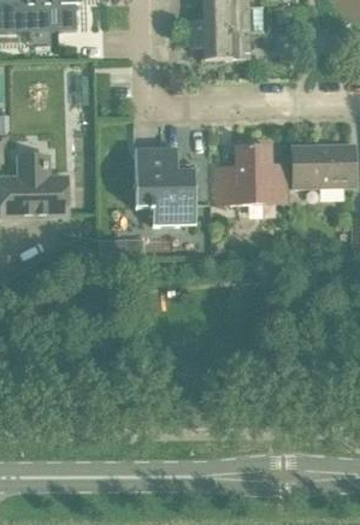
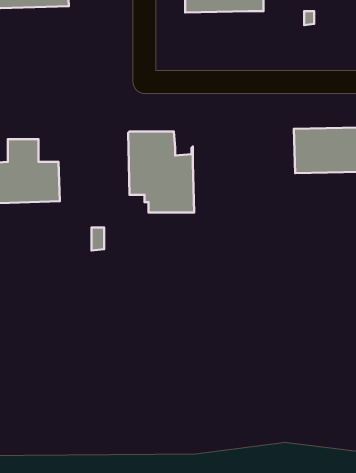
building: [187,33,248,59] -> none
building: [214,144,287,203] -> none

